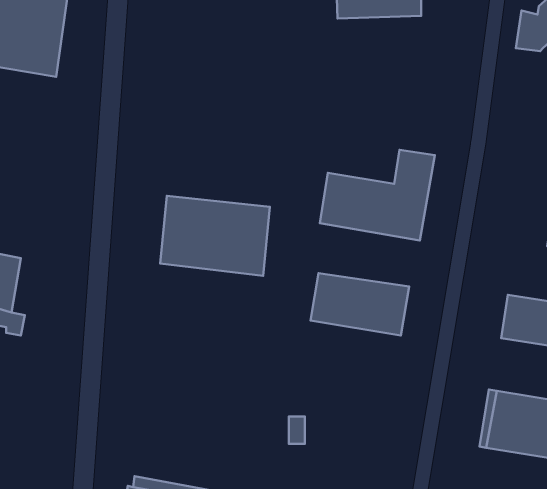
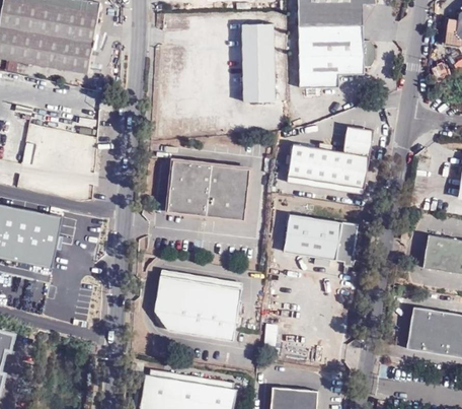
building: none -> [300,24,375,86]
building: none -> [238,25,271,105]
building: none -> [152,271,241,344]

